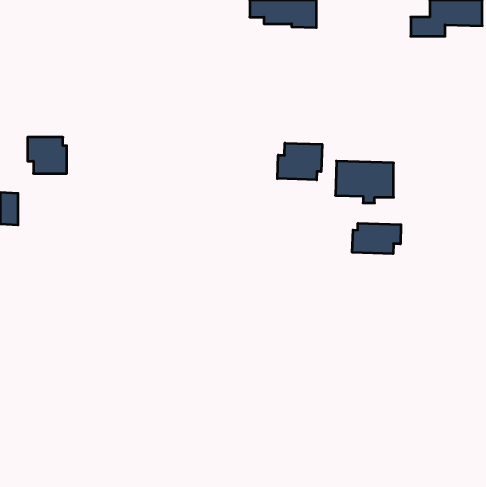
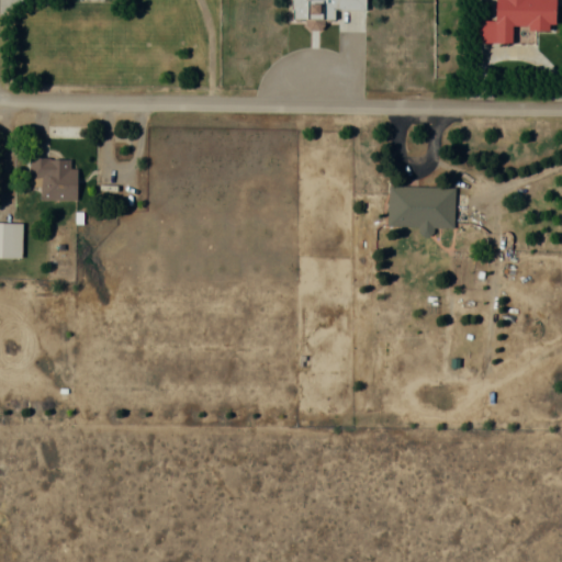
building: [277,143,322,180] -> none
building: [352,223,401,254] -> none

